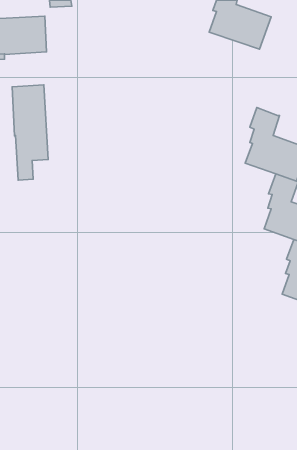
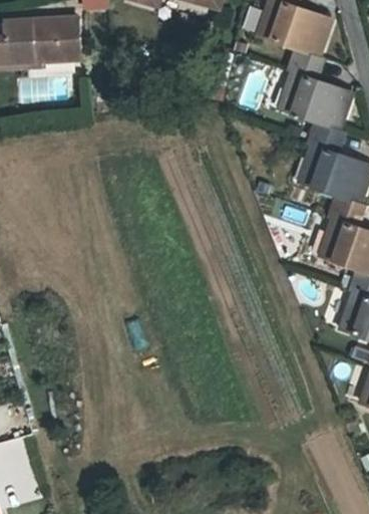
building: none -> [283,47,352,130]
building: [12,85,48,180] -> none

